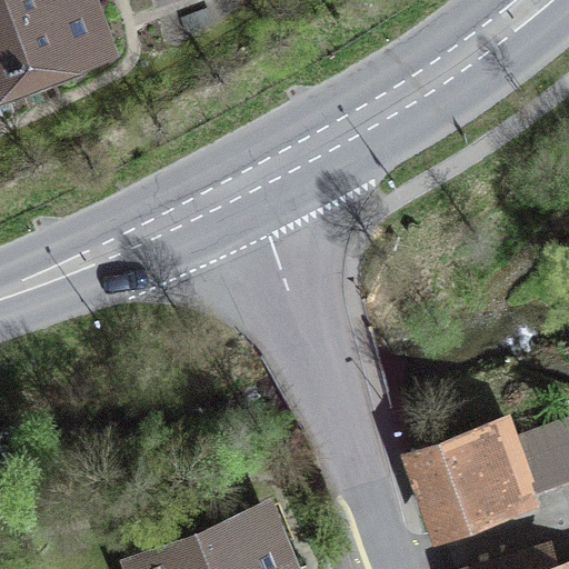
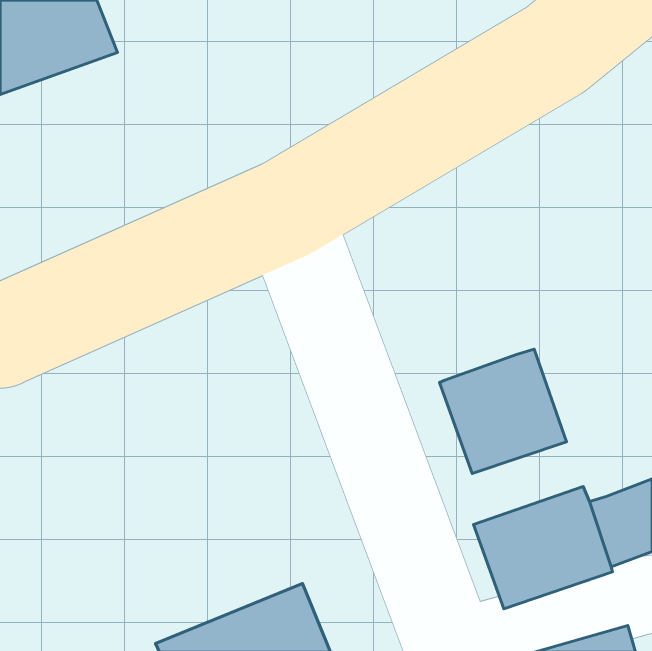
building: none -> [439,349,566,474]

